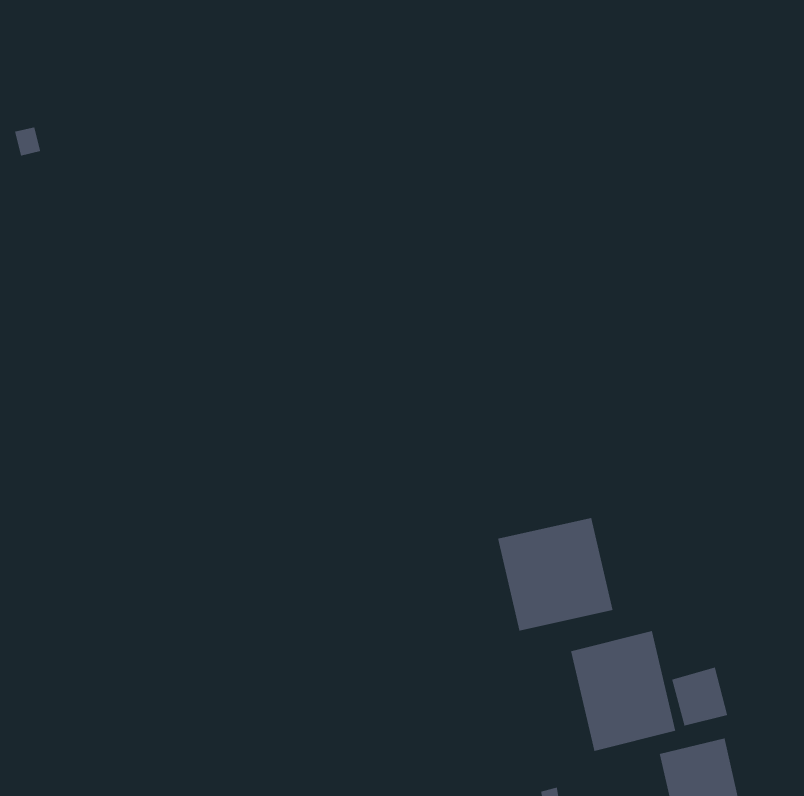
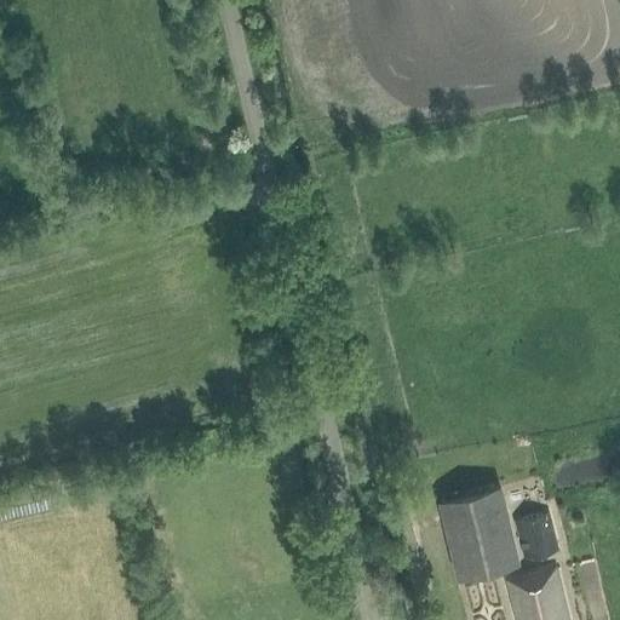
building: [497,517,614,632] -> none

